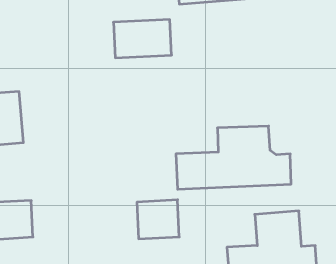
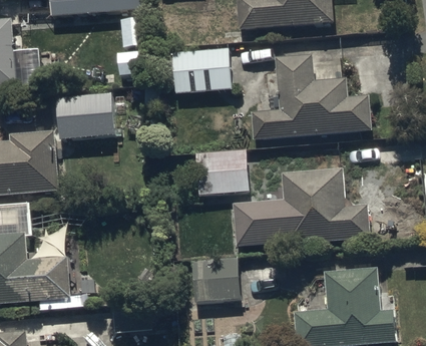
building: none -> [253,55,373,139]
building: none -> [54,92,114,140]
building: none -> [196,148,250,194]

